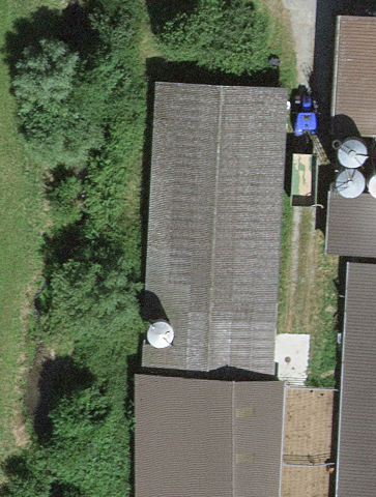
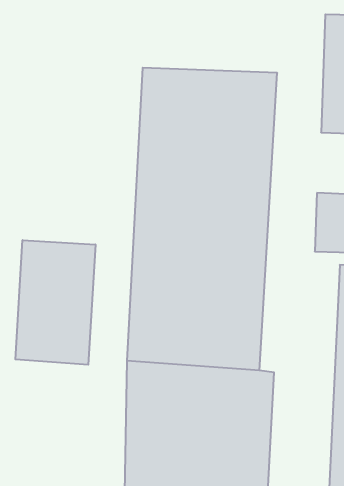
building: none -> [15,240,95,365]

